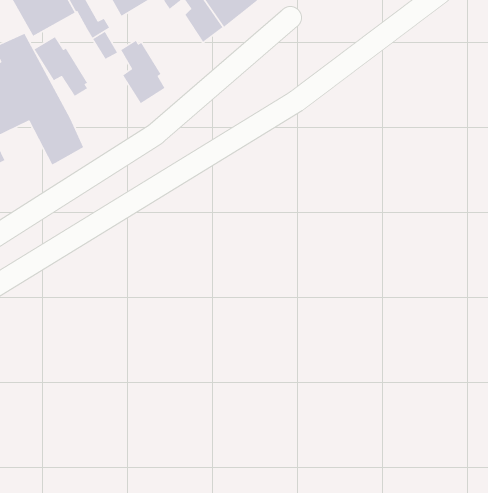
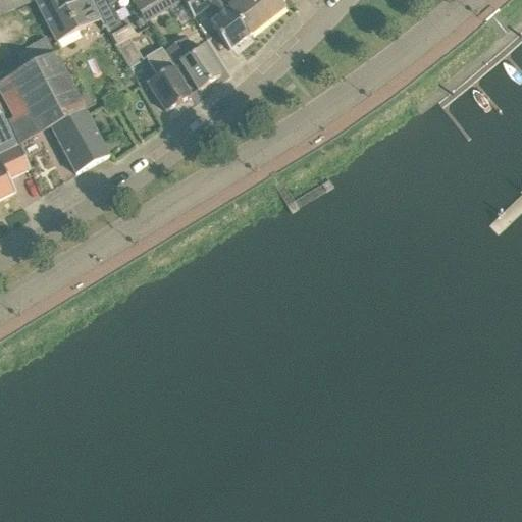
building: none -> [166,35,219,87]
building: [34,36,88,97] -> none

